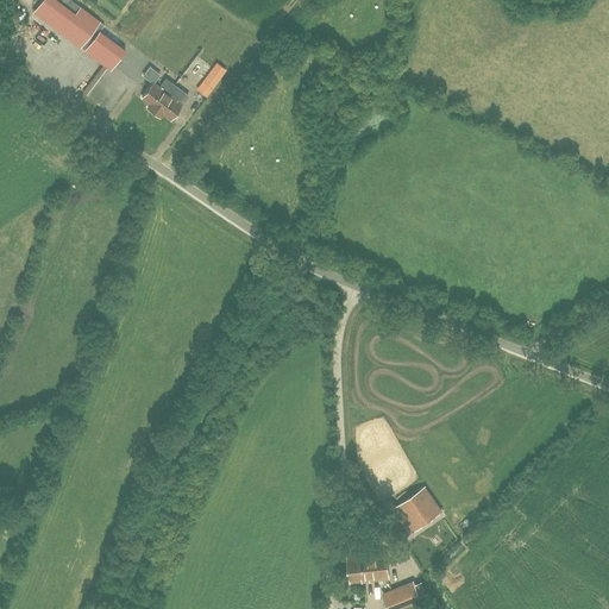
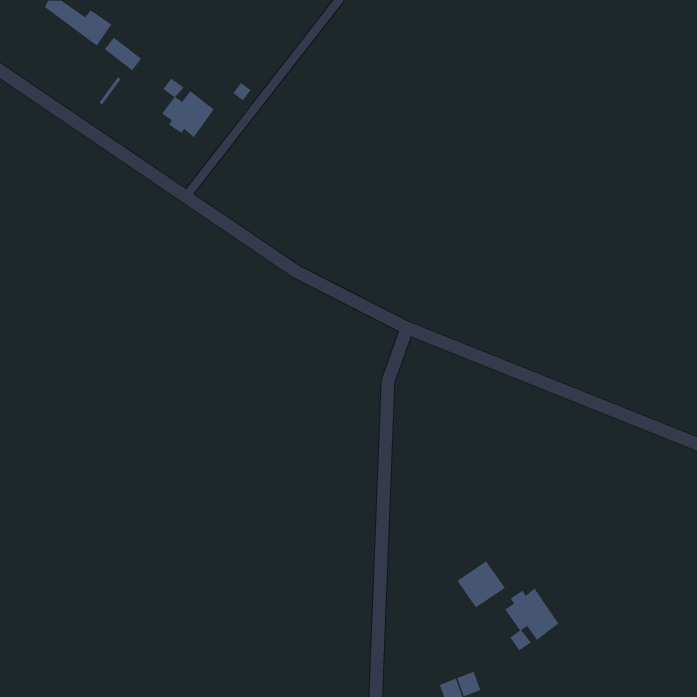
building: none -> [505,587,559,651]
building: [346,553,387,584] -> none

